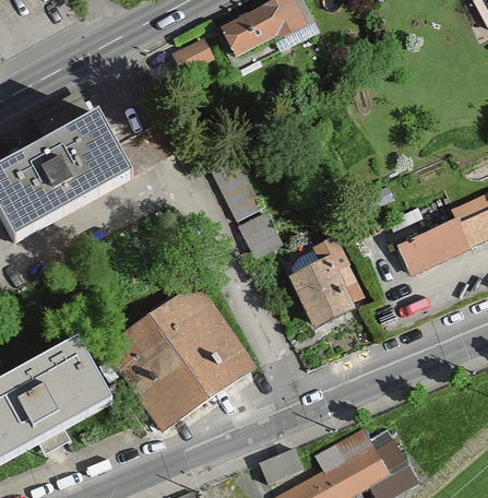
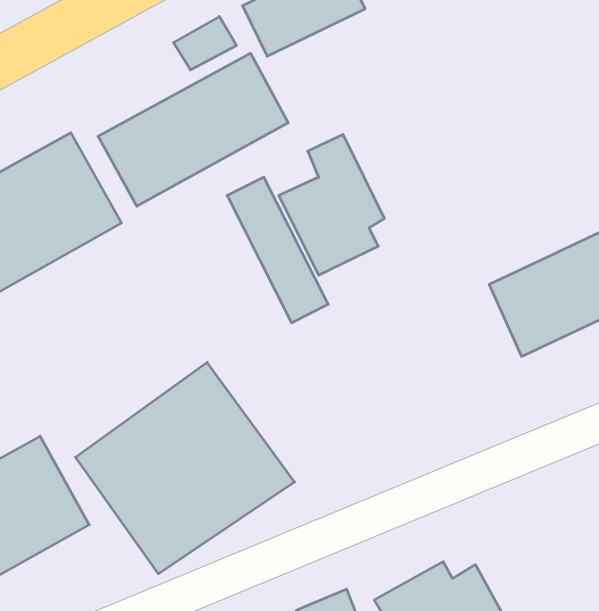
building: none -> [98,53,288,206]
building: [290,236,366,336] -> [279,134,384,275]

